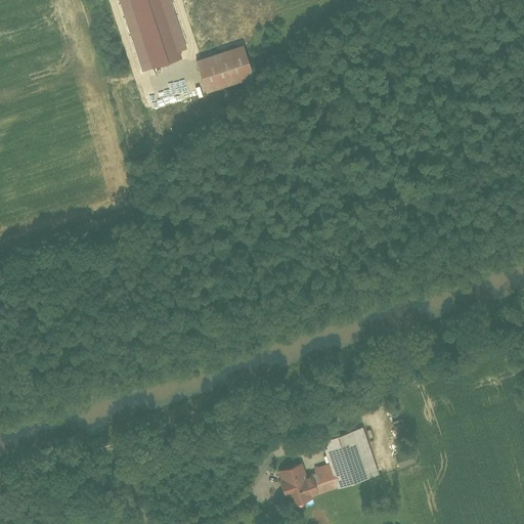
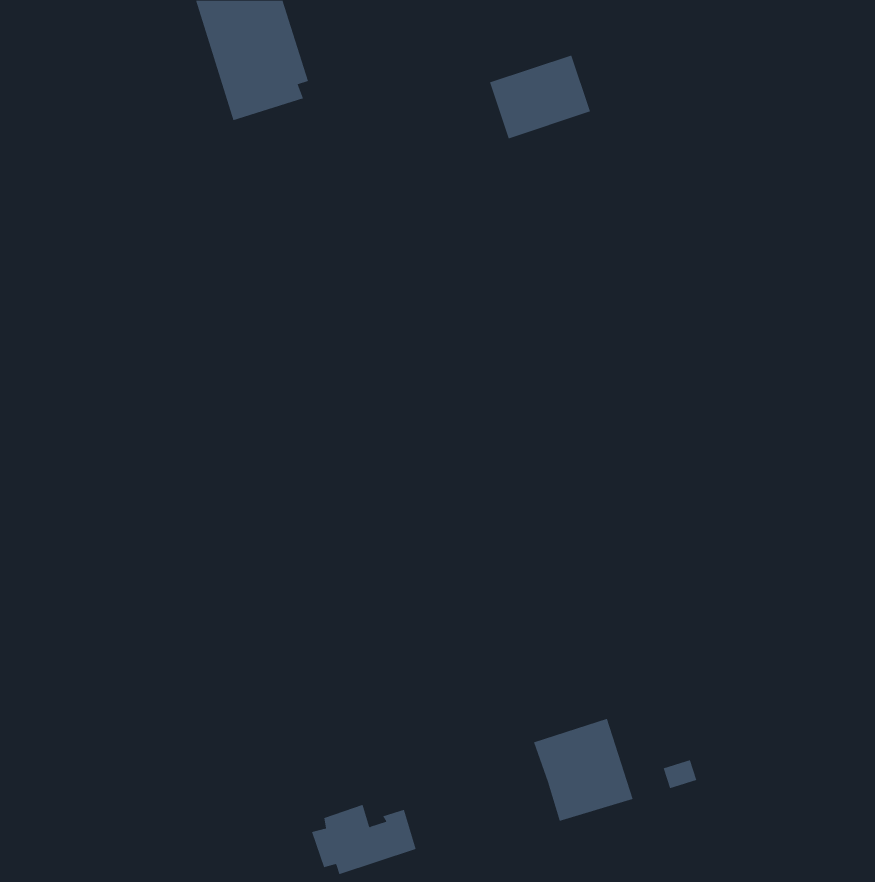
building: [194,44,255,94] -> [489,55,591,139]
building: [273,461,336,503] -> [311,804,417,875]

